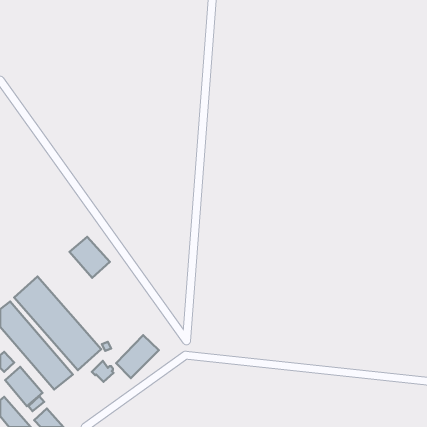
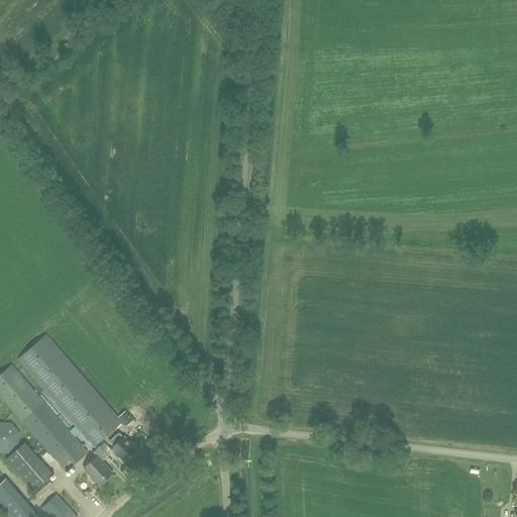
building: [70,237,110,278] -> none
building: [116,335,159,378] -> none
building: none -> [84,455,113,485]

